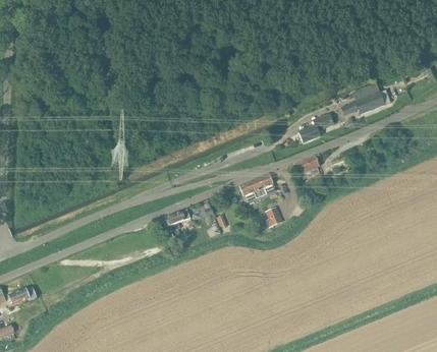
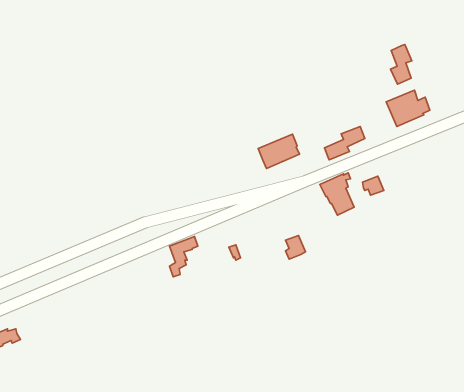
building: none -> [390,44,412,84]
building: [239,172,275,201] -> [258,134,300,168]

